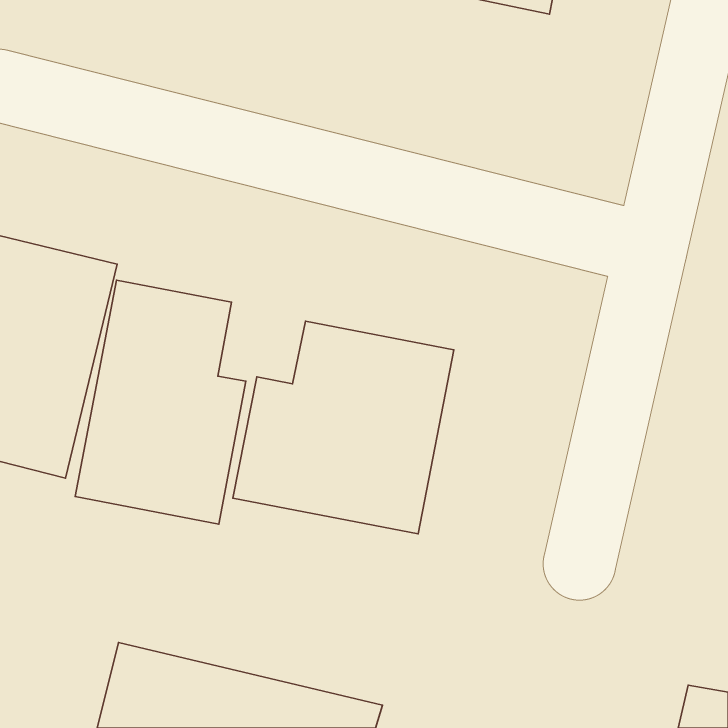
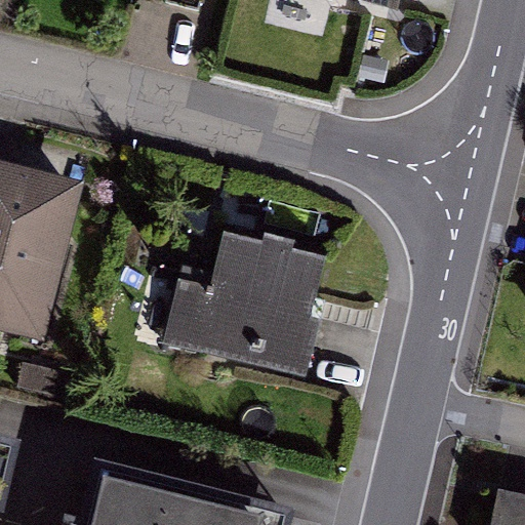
building: [75,280,246,524] -> none

